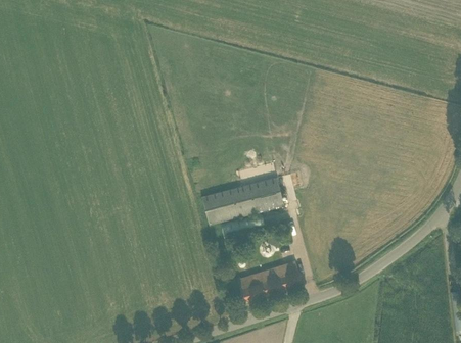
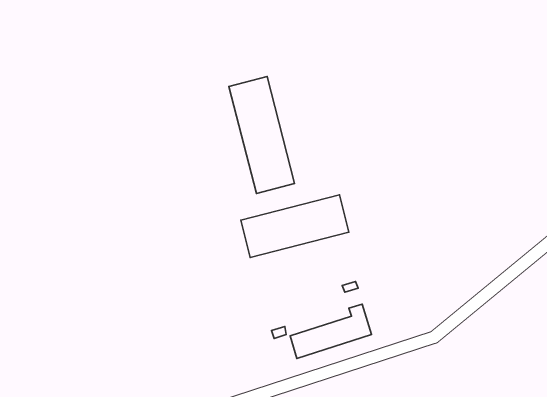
building: none -> [229,76,295,194]

